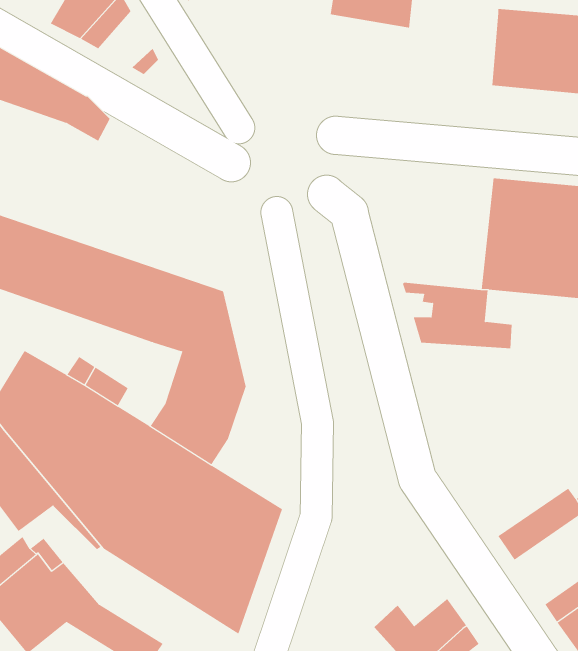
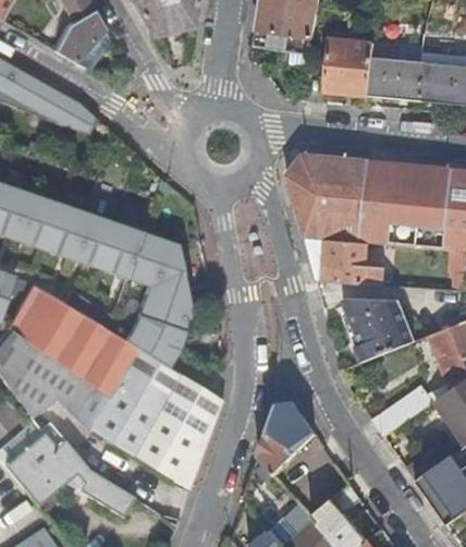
building: none -> [327,37,373,94]
building: none -> [287,155,370,241]
building: none -> [344,297,416,361]
building: none -> [259,401,318,474]

